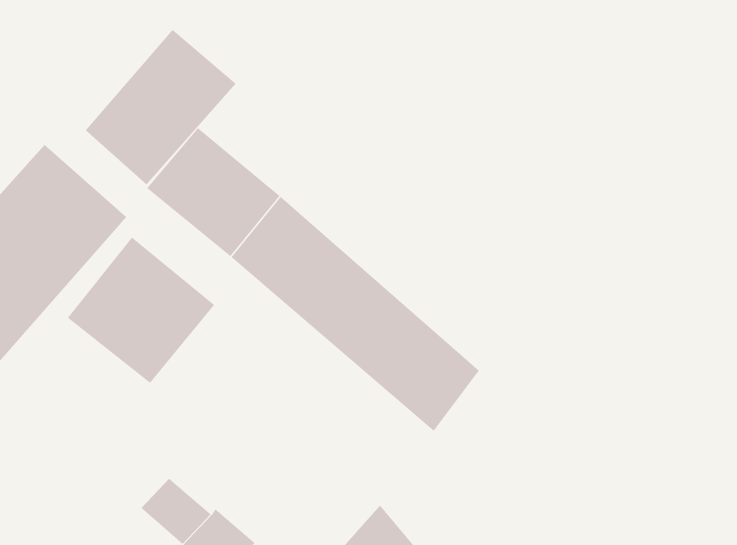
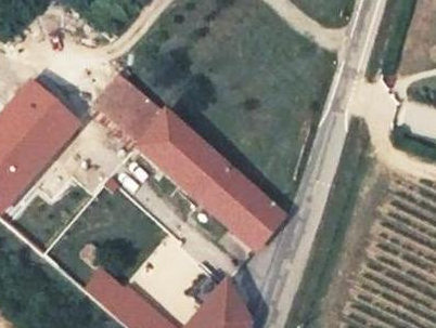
building: [85,29,236,185] -> none
building: [67,236,215,384] -> none

